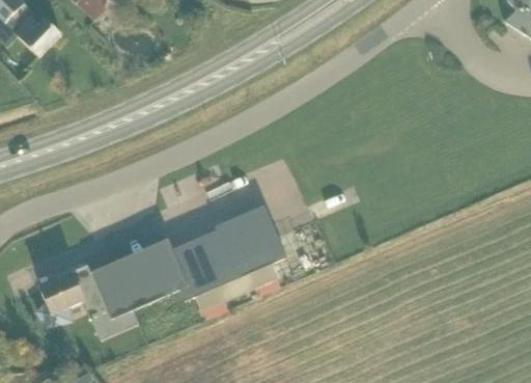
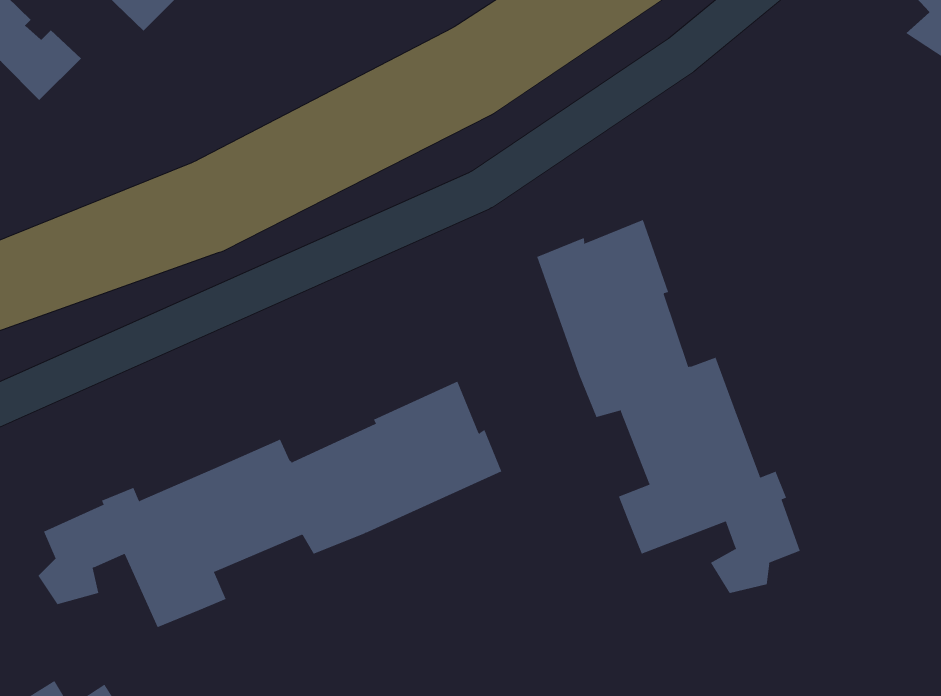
building: none -> [537,219,800,594]

